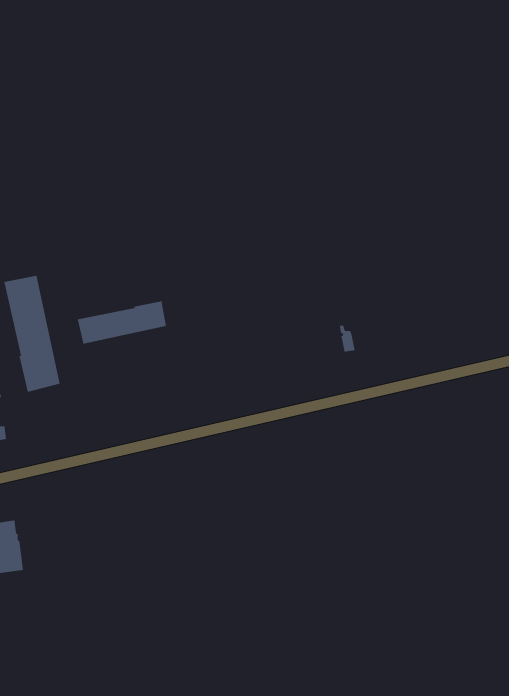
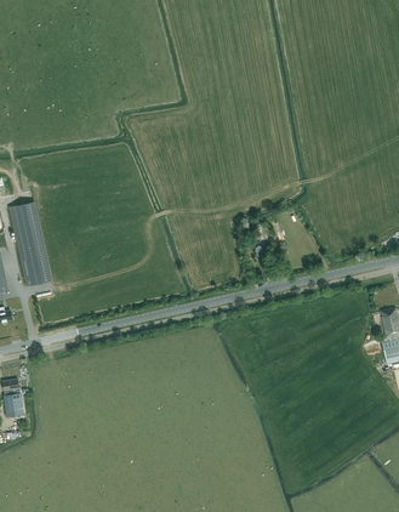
building: [77,301,166,344] -> none

